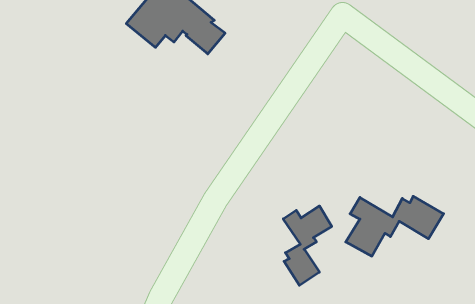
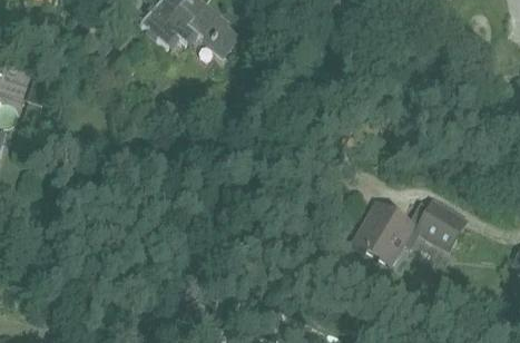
building: [283,206,332,285] -> none

